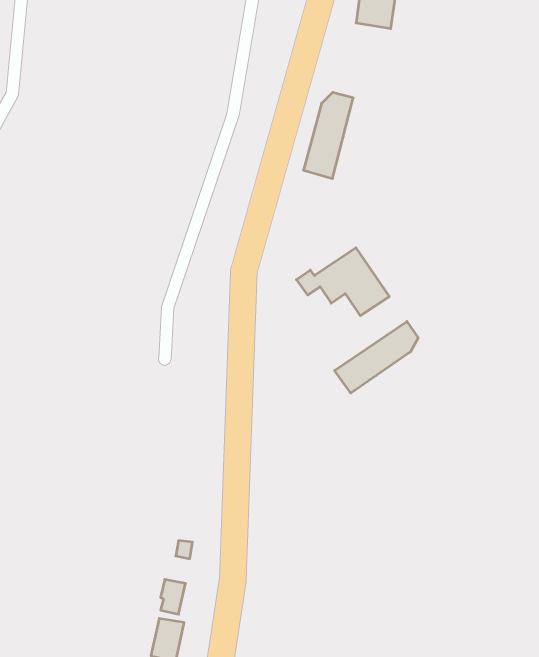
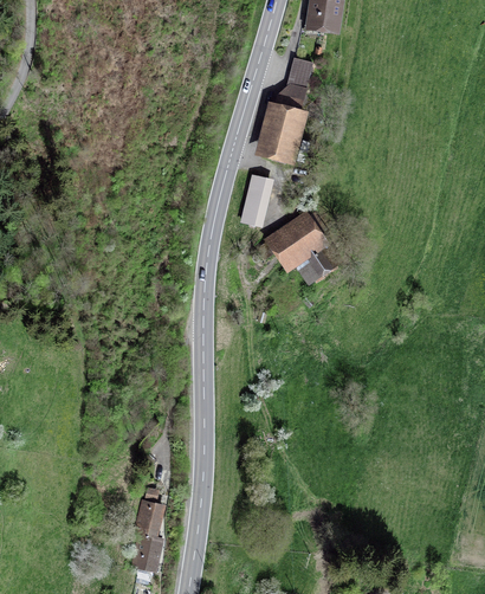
building: none -> [287,58,312,90]
building: none -> [242,176,270,225]
building: [335,321,418,393] -> none

